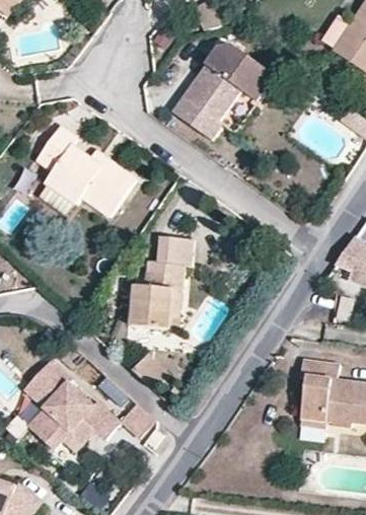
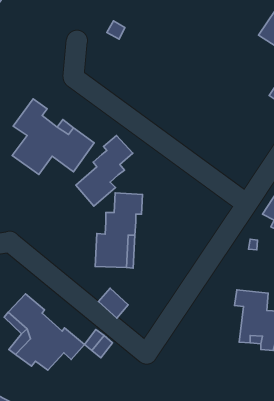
building: [173,44,272,135] -> none
building: none -> [76,135,133,206]

